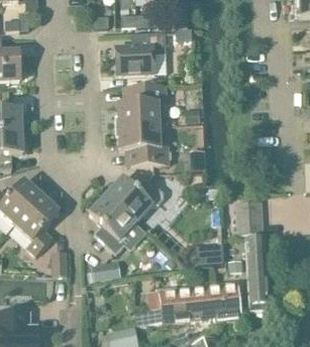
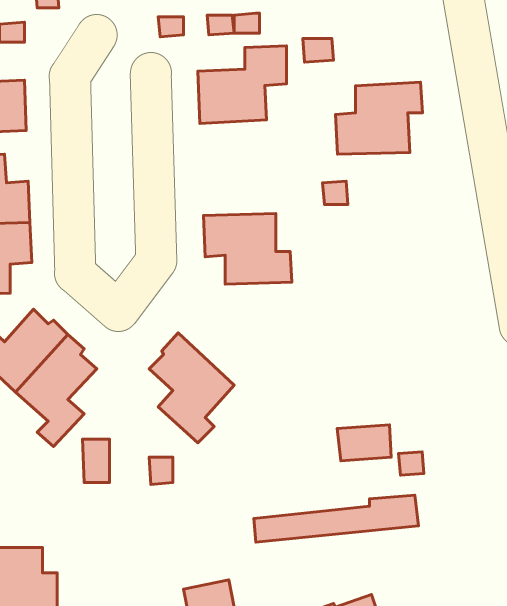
building: [118,86,167,126] -> [336,82,422,154]
building: [105,176,164,221] -> none
building: [236,201,264,233] -> none
building: [245,237,268,310] -> none
building: [148,300,241,323] -> none

